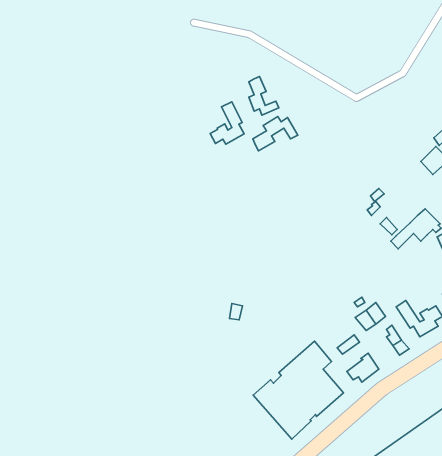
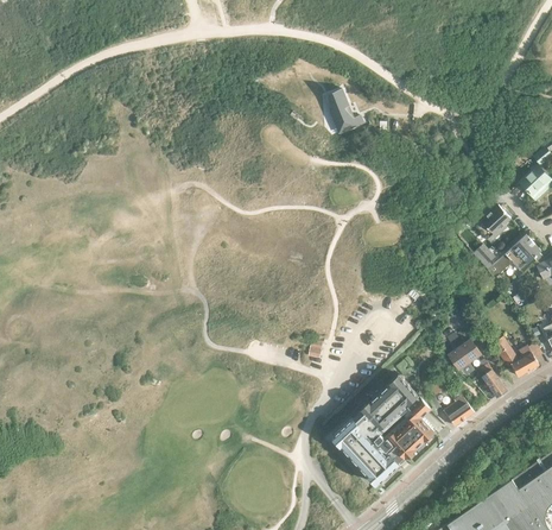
building: [210,102,244,144] -> none
building: [253,116,298,151] -> none
building: none -> [477,204,510,238]

